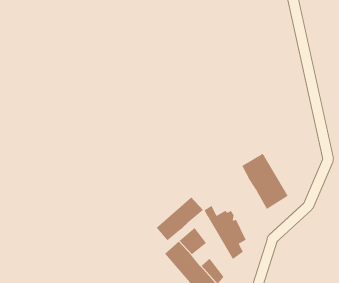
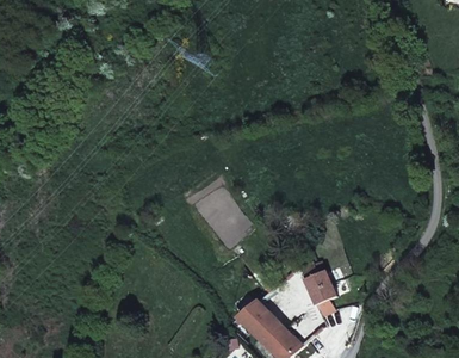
building: [241,153,289,210] -> none
building: [156,196,204,241] -> none

